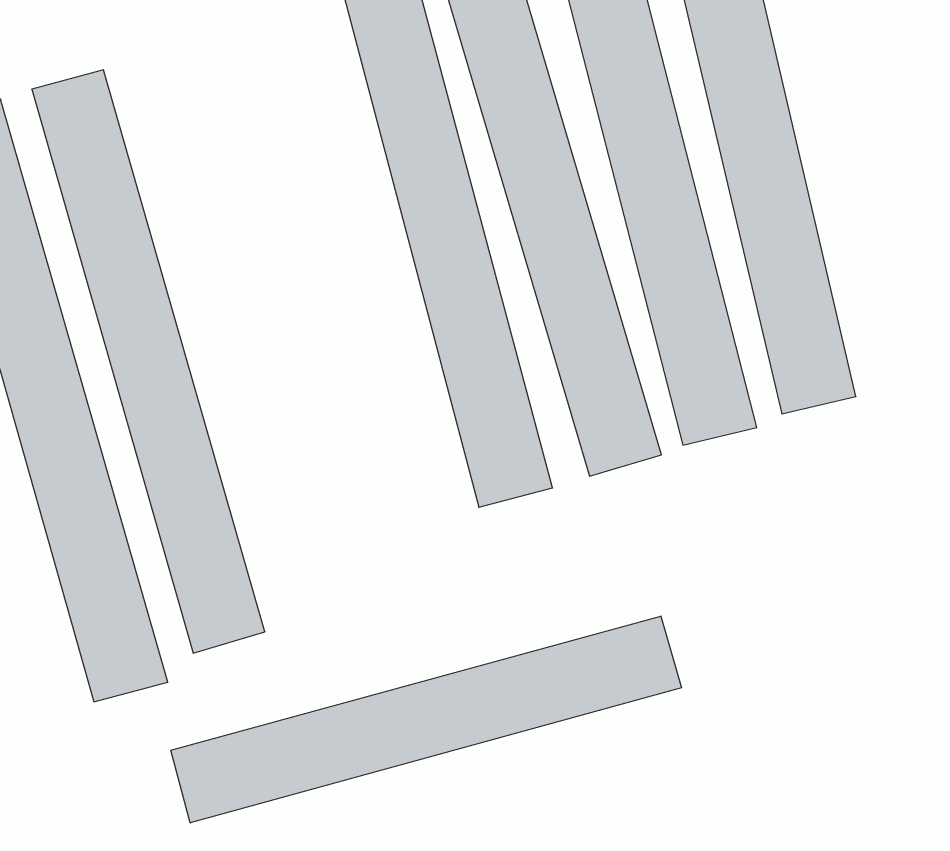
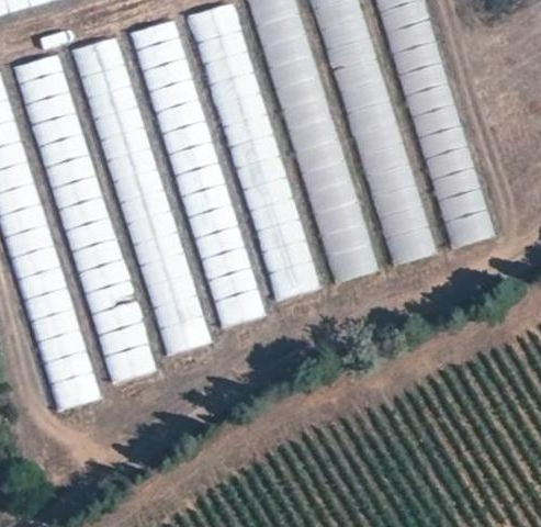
building: none -> [136,20,261,328]
building: none -> [77,36,205,356]
building: [171,616,682,823] -> none

